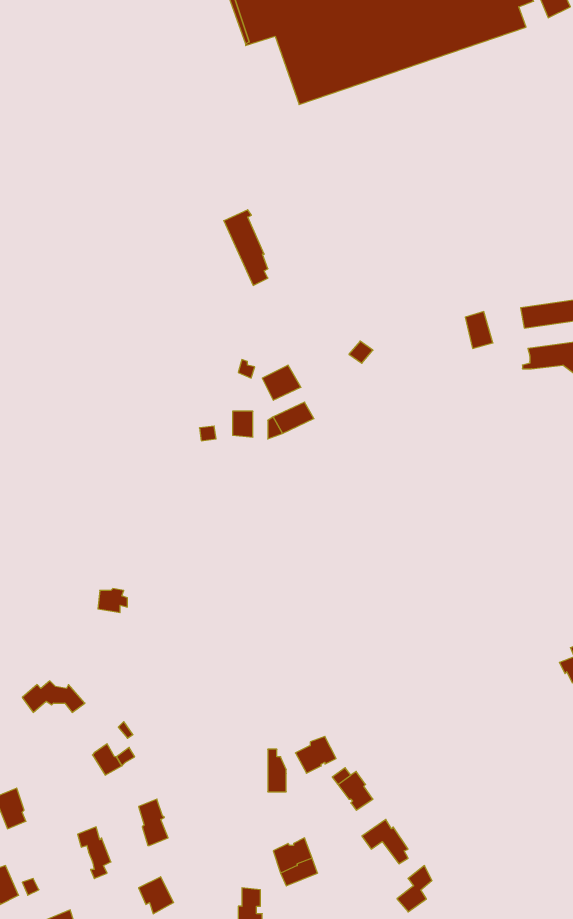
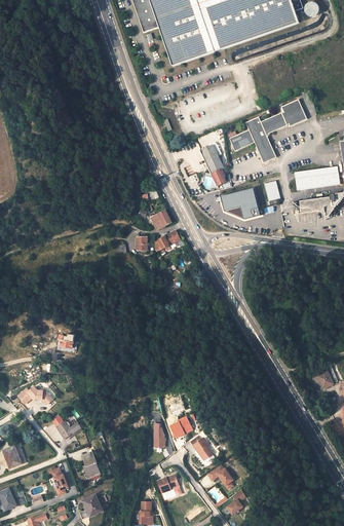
building: none -> [228,100,306,162]
building: [224,210,268,285] -> [200,144,225,186]
building: none -> [221,188,262,219]

